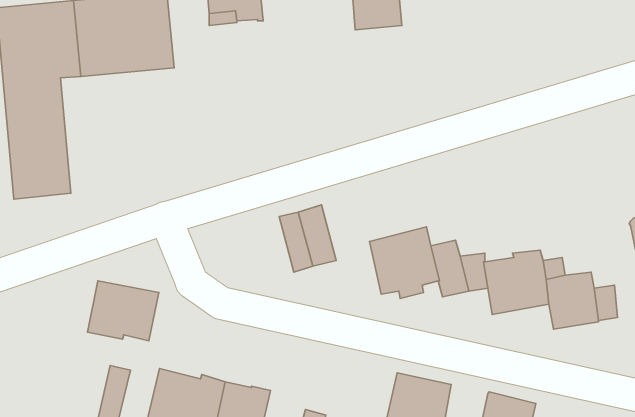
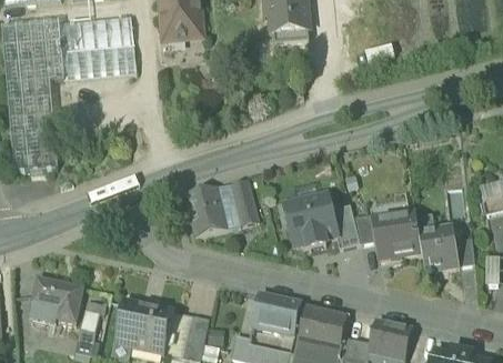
building: none -> [184,185,227,235]
building: [88,281,159,341] -> [29,278,83,323]
building: none -> [252,293,301,333]

